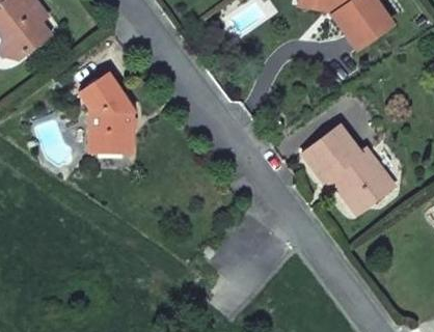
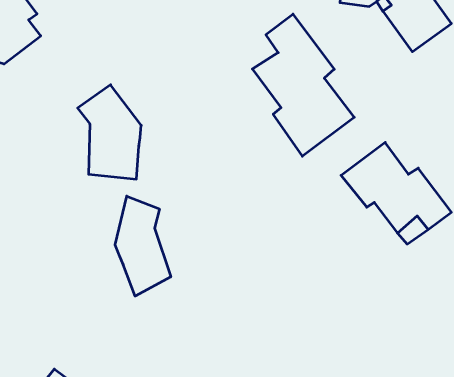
building: none -> [252,14,354,156]
building: none -> [115,196,171,296]

